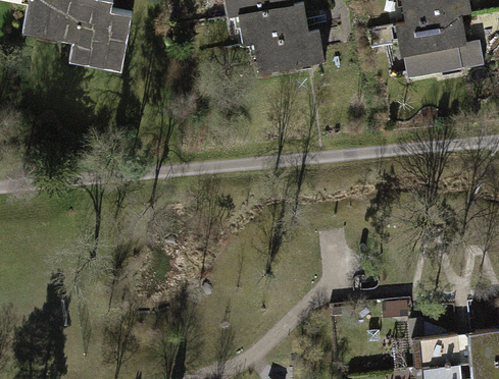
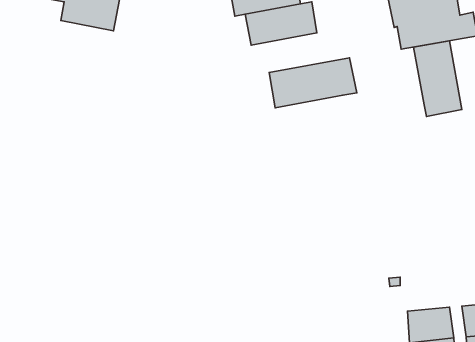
building: none -> [414,41,462,117]
building: none -> [269,58,357,108]

